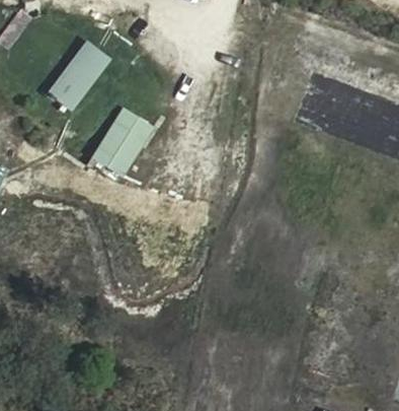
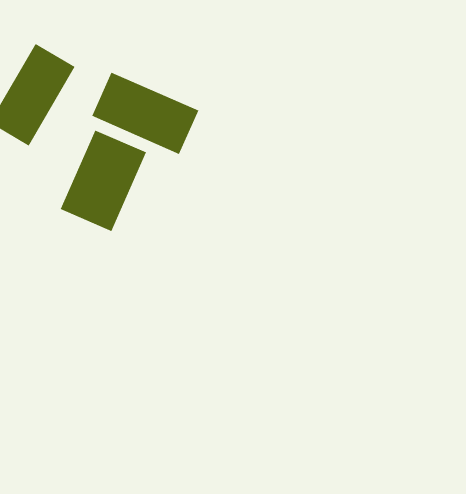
building: none -> [91,72,199,155]

